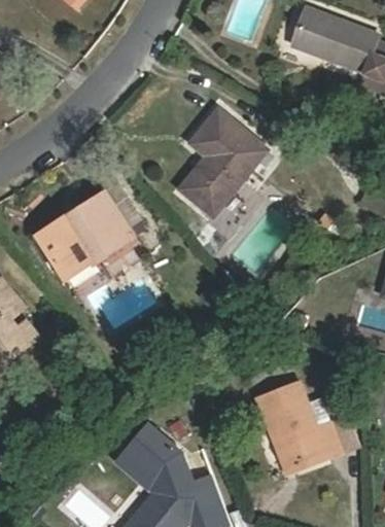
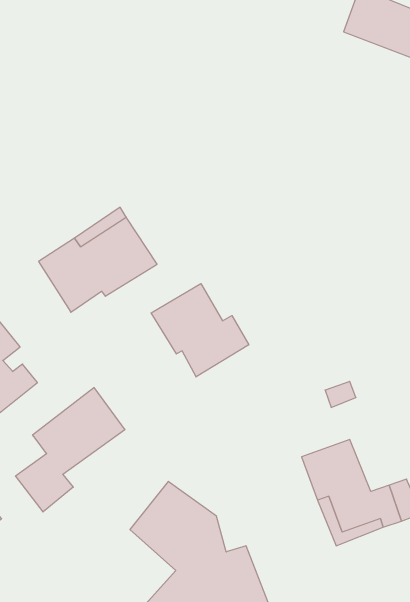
building: [181,110,266,217] -> none
building: none -> [151,284,249,377]
building: none -> [16,388,125,512]

